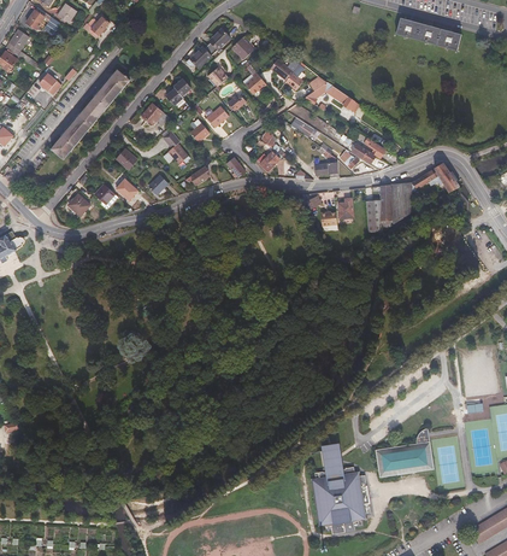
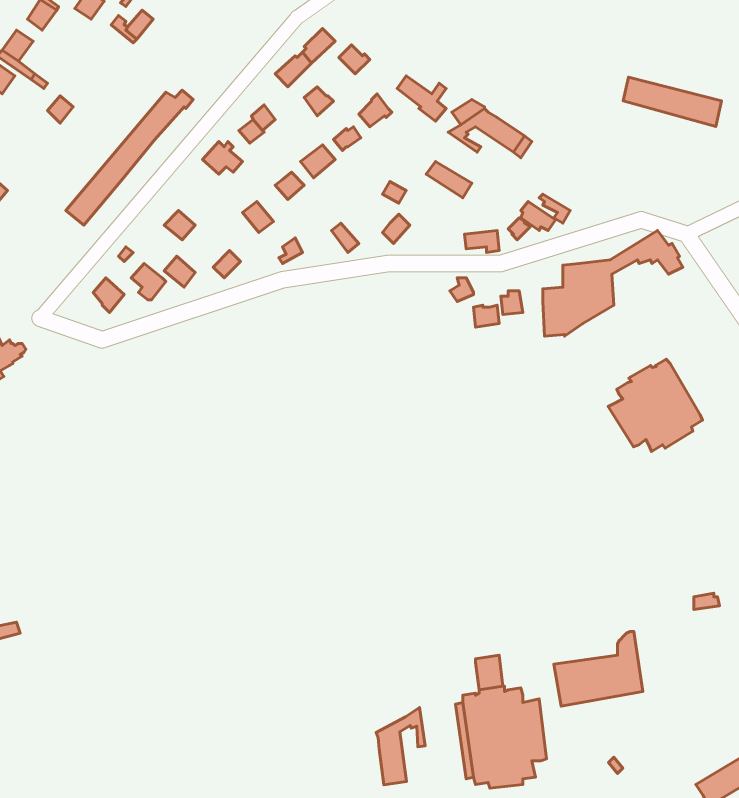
building: [395,17,460,49] -> [623,77,721,126]
building: none -> [608,359,702,451]
building: none -> [376,708,425,785]

